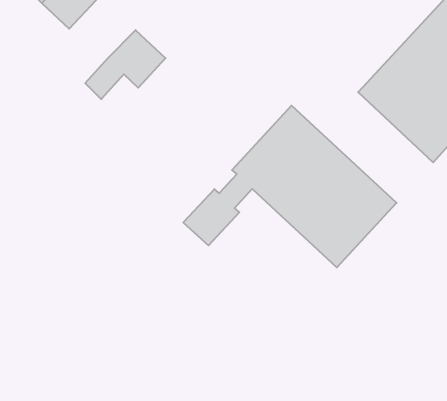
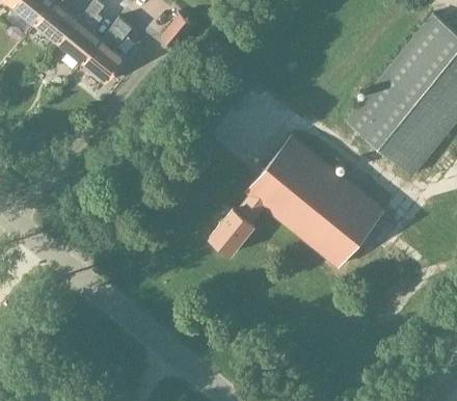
building: [85,30,166,99] -> none

